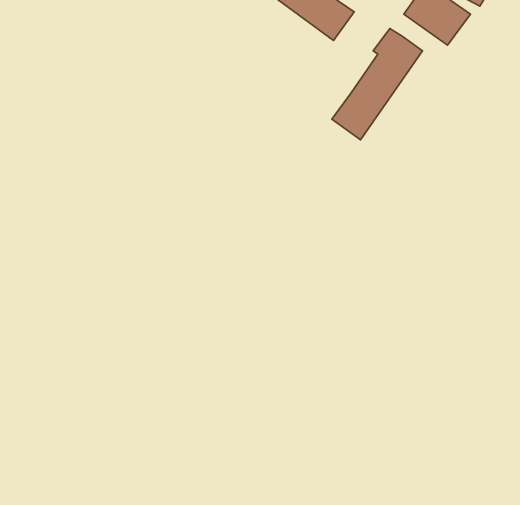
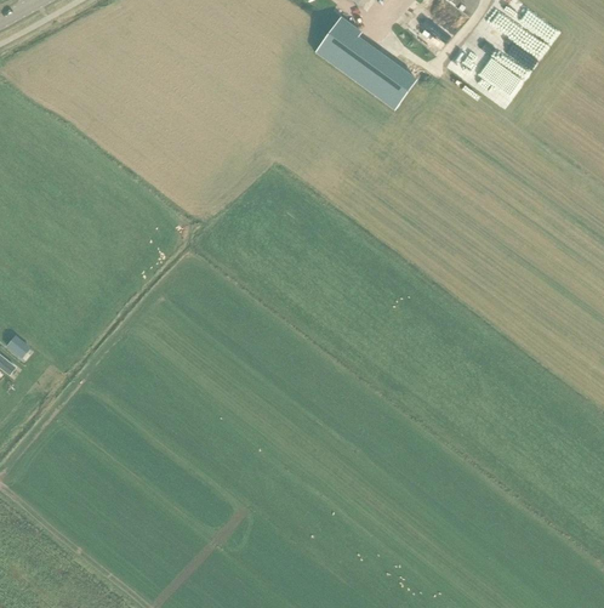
building: [332,28,423,140] -> none

